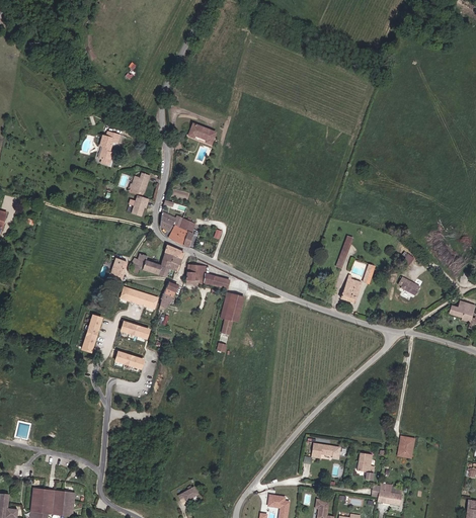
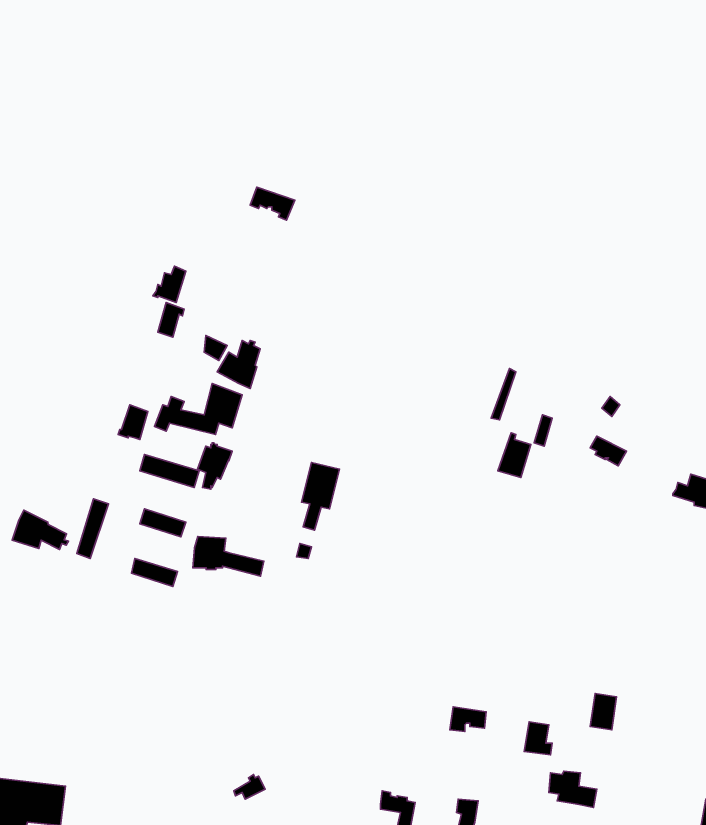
building: [99,132,120,166] -> none
building: [185,265,229,289] -> [193,536,264,576]
building: none -> [12,510,69,550]

